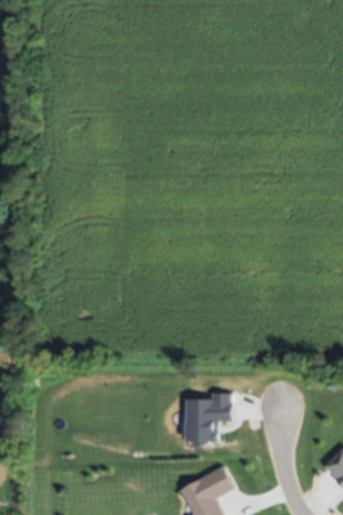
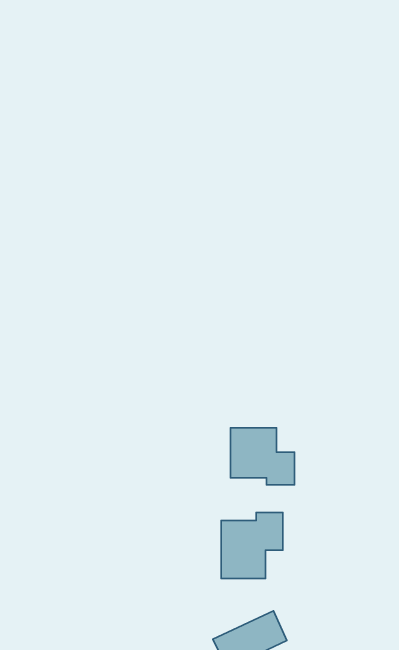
building: none -> [231,428,294,485]

